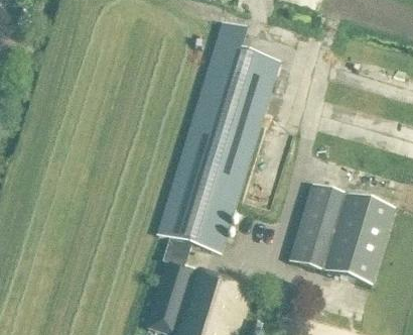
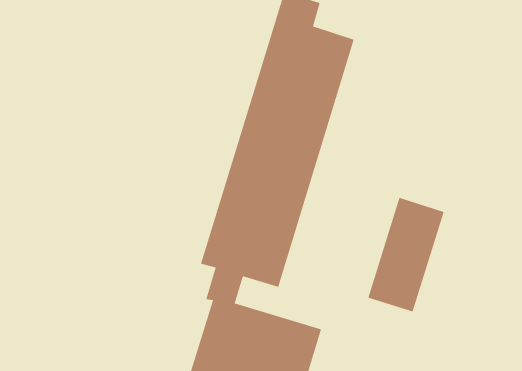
building: [323,192,396,285] -> none

